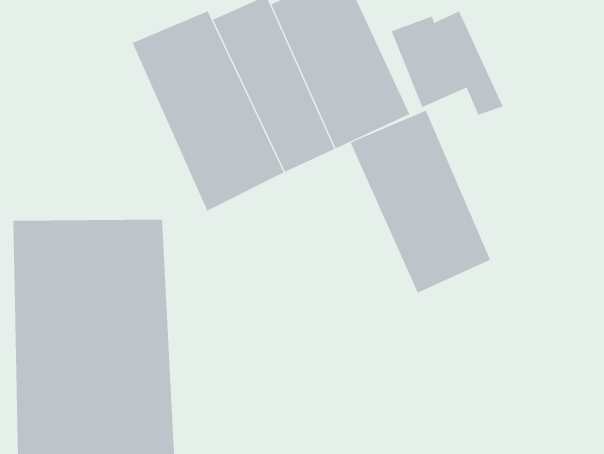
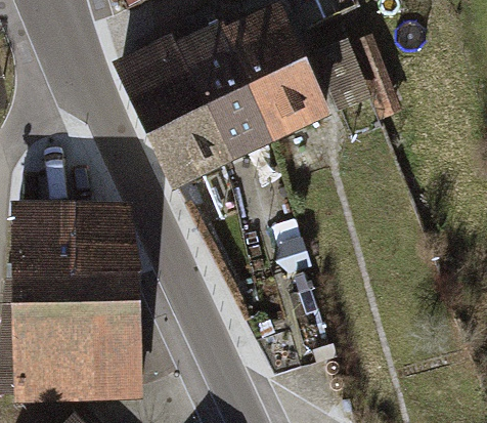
building: [350,110,491,293] -> none

